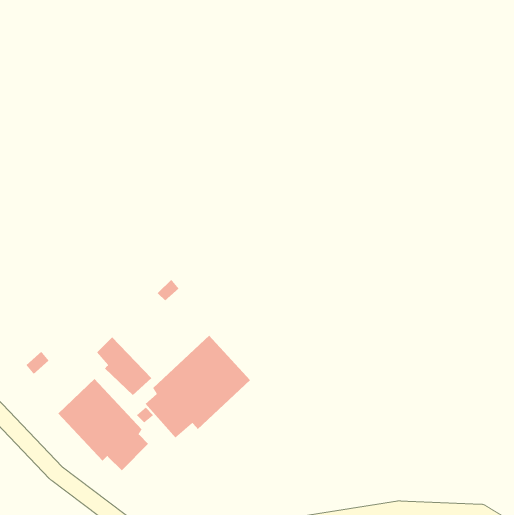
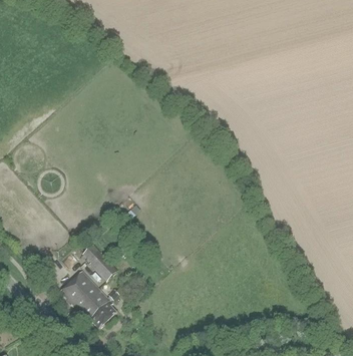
building: [145,335,251,439] -> none

